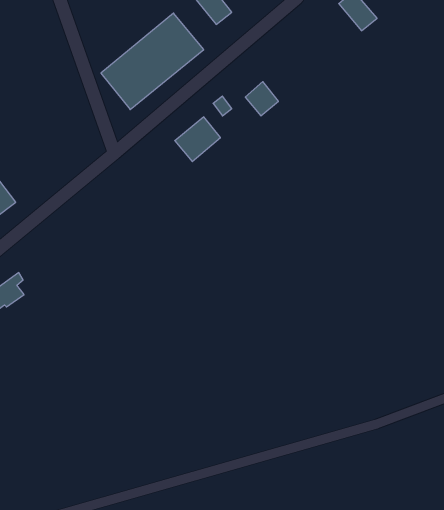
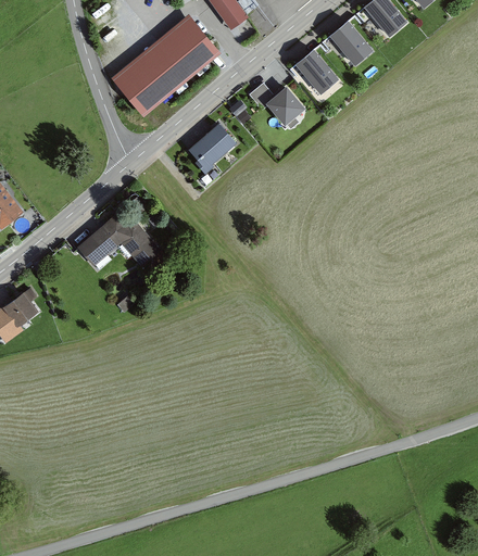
building: none -> [328,21,367,63]
building: none -> [292,50,332,92]
building: none -> [79,210,161,270]

